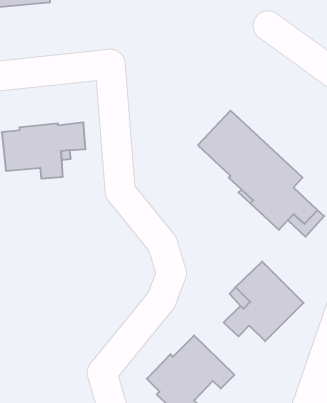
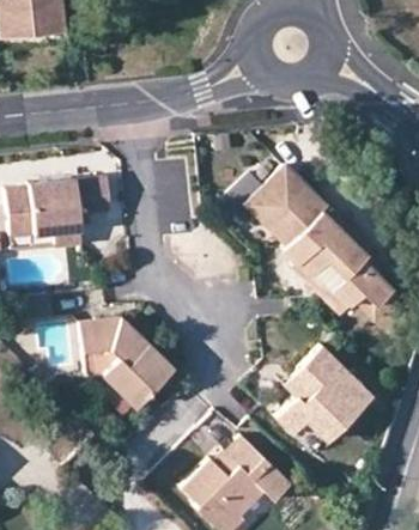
building: none -> [81,318,174,404]

